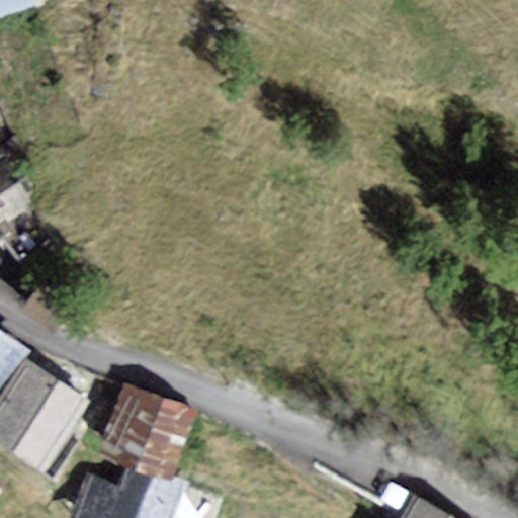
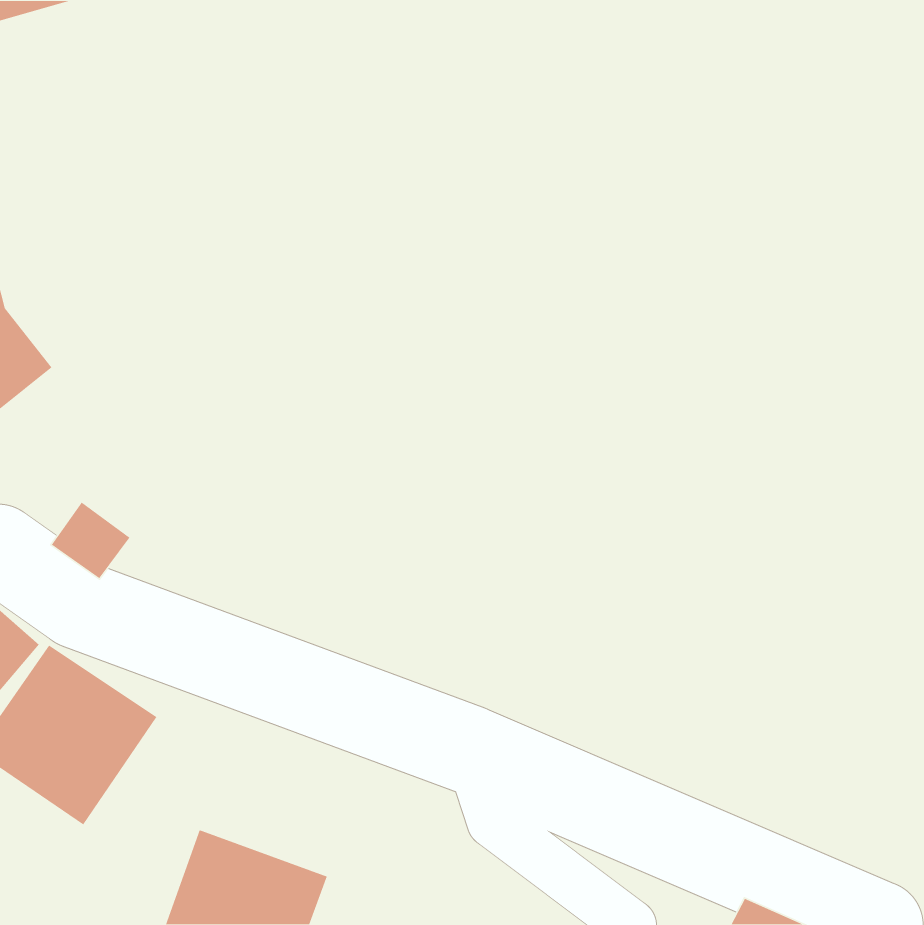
building: [97,390,194,476] -> none

